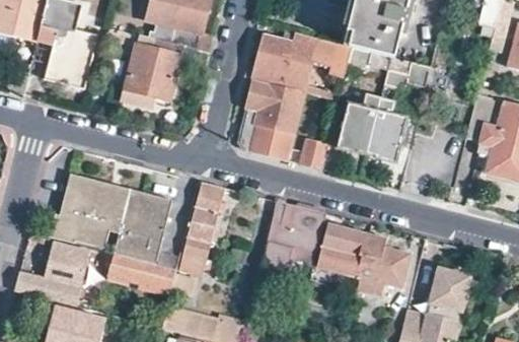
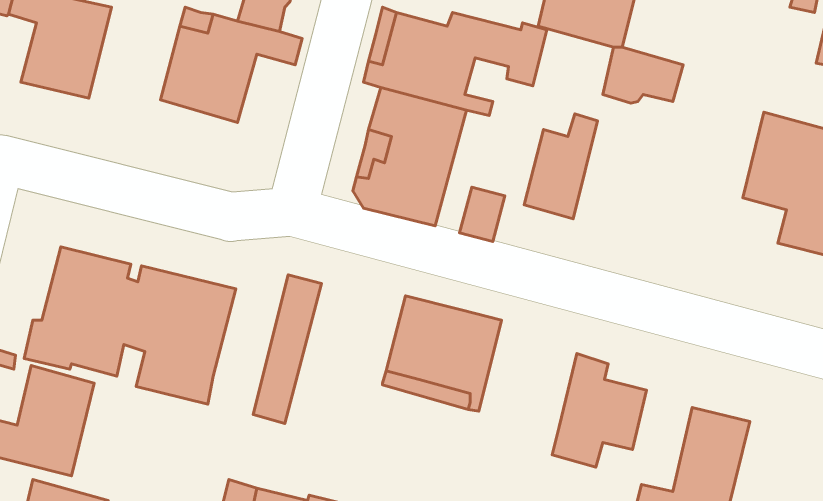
building: [367,99,407,163] -> none
building: [316,224,369,277] -> none
building: [104,252,176,290] -> none

